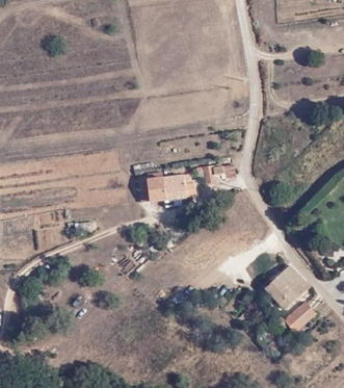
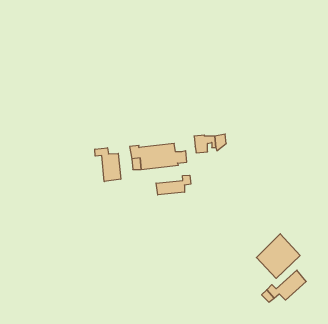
building: none -> [95,148,121,182]
building: none -> [156,175,191,195]

